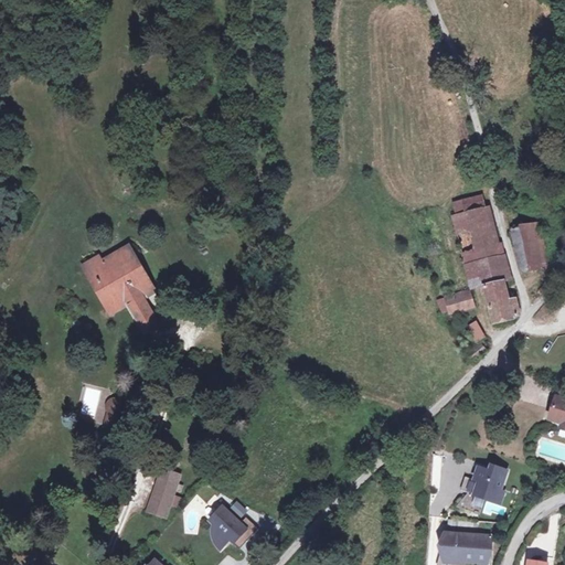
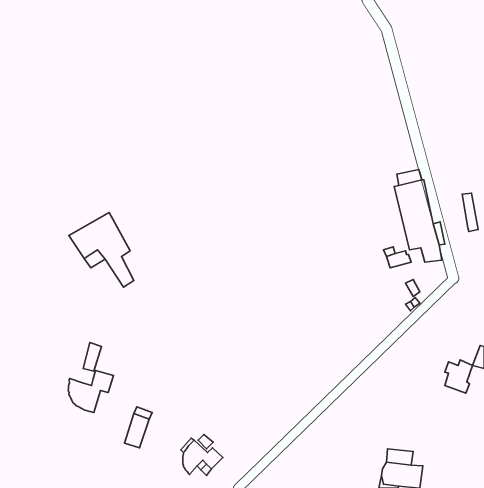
building: [515,222,540,266] -> none
building: [490,300,521,321] -> none
building: none -> [68,371,114,413]
building: [475,466,507,504] -> [445,360,473,393]

